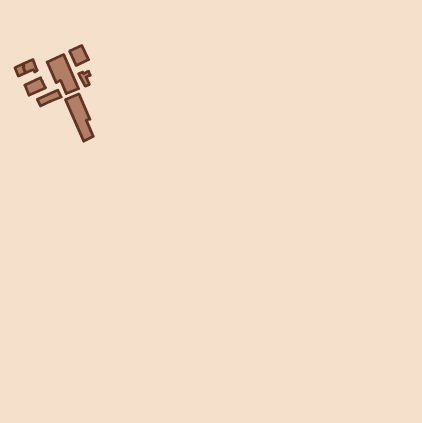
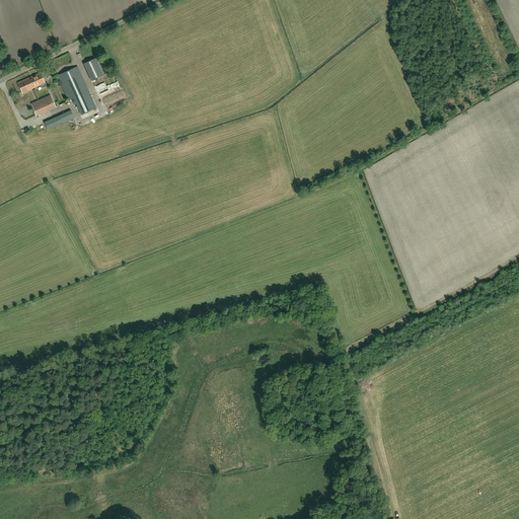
building: [66,94,93,141] -> none

